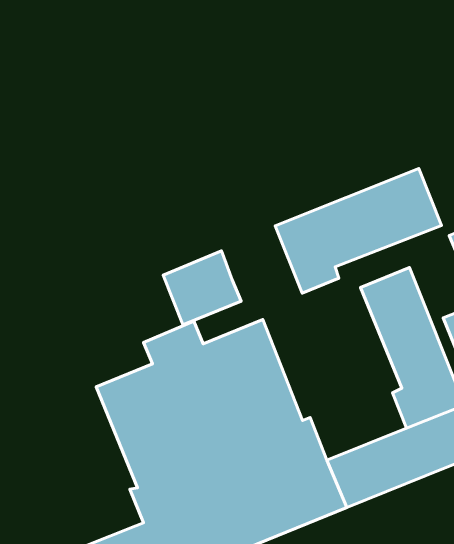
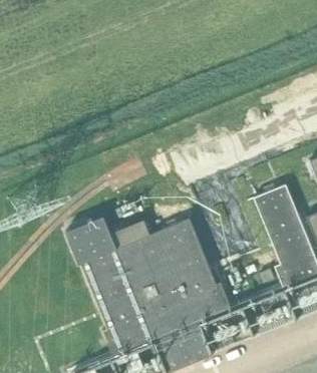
building: [275,168,442,293] -> none
building: [163,251,241,326] -> [65,213,116,262]

